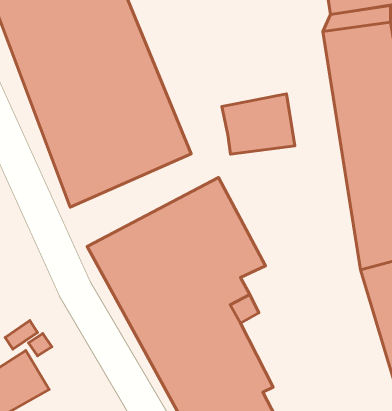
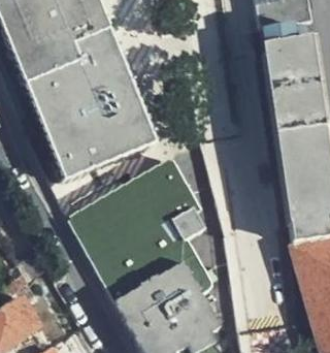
building: [222,94,295,154] -> none

